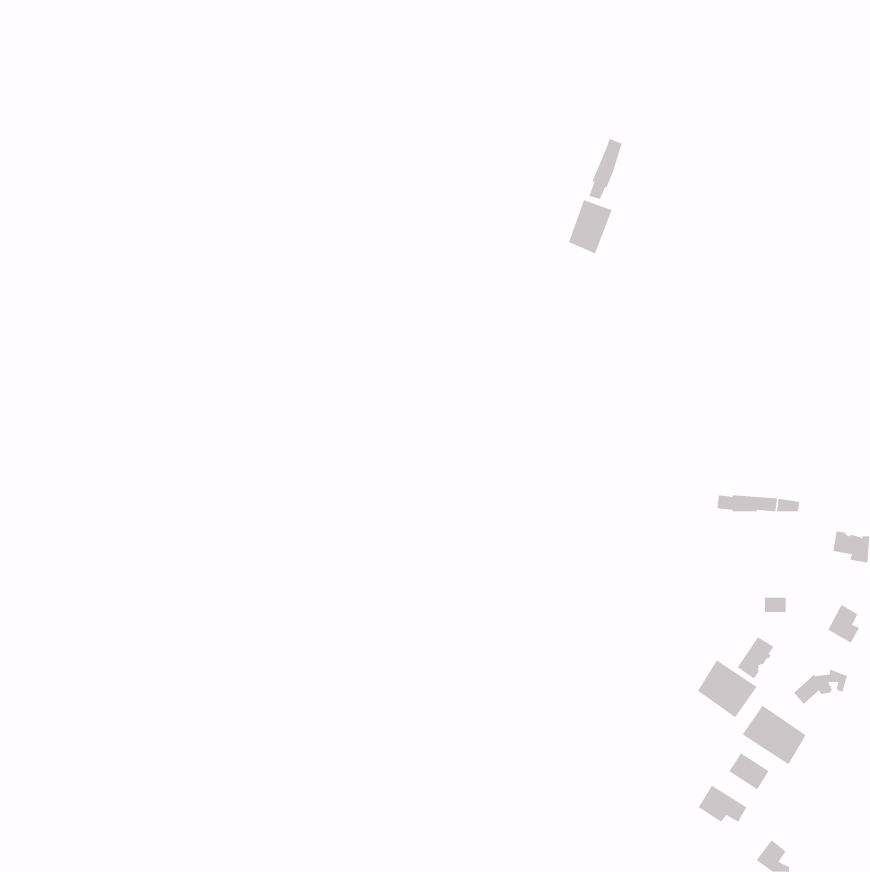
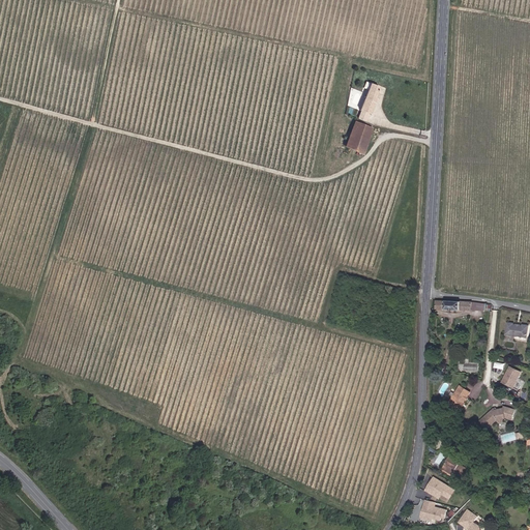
building: [697,660,757,718] -> none
building: [742,705,806,765] -> none
building: none -> [418,499,446,521]

